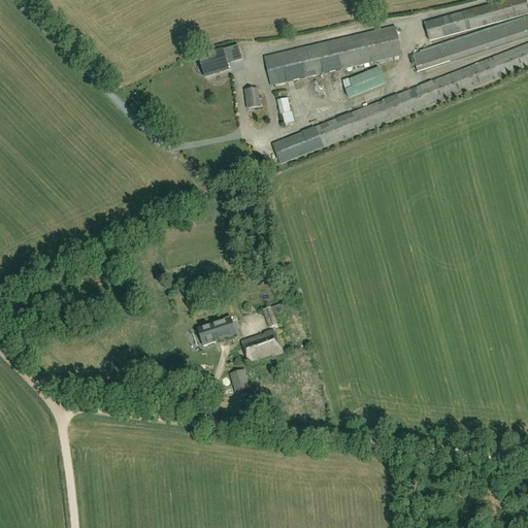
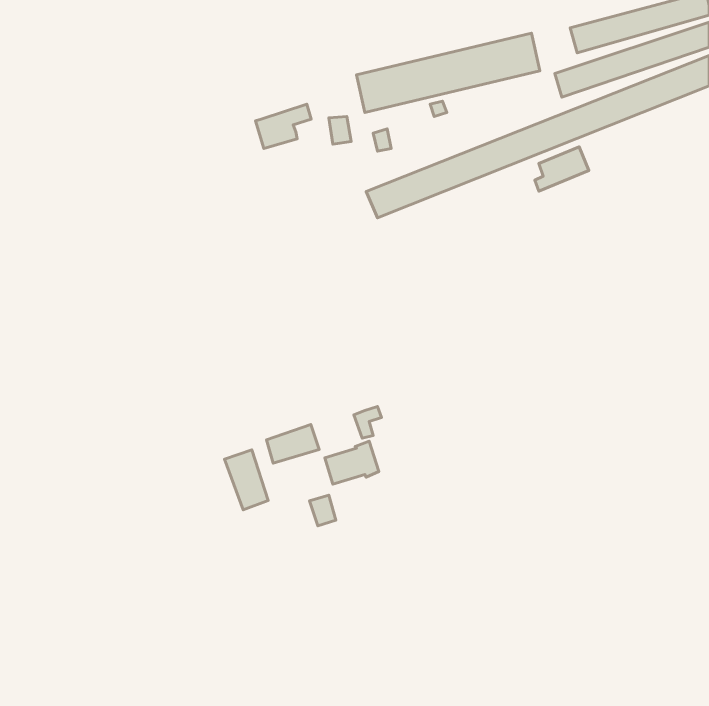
building: [199,43,240,76] -> [256,104,311,148]
building: [345,65,386,98] -> [535,147,589,191]
building: none -> [225,450,268,510]

